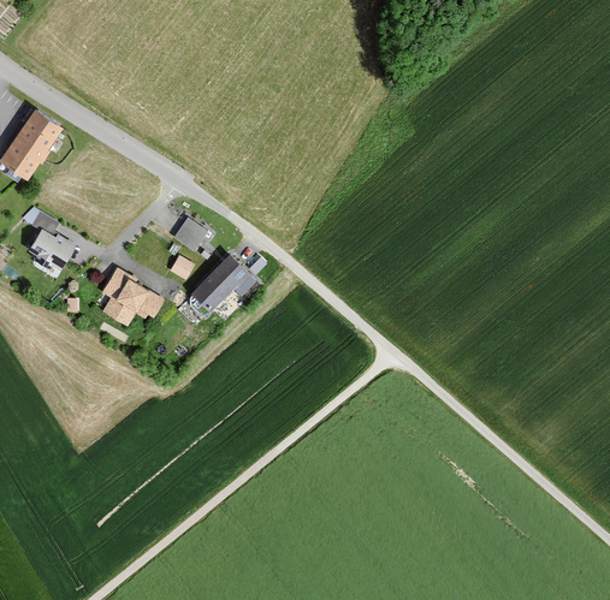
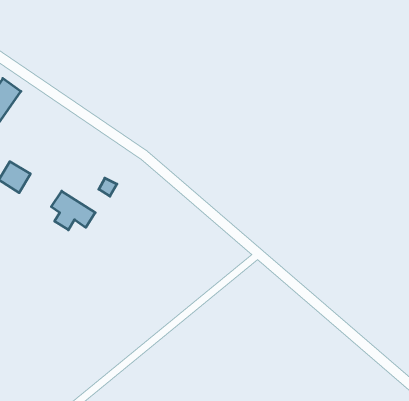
building: [172,218,205,250] -> none
building: [190,256,248,314] -> none

